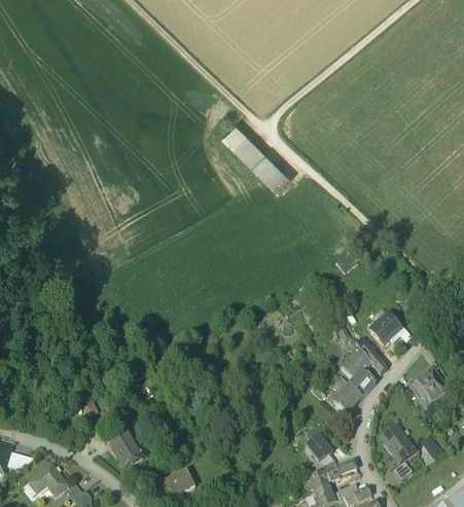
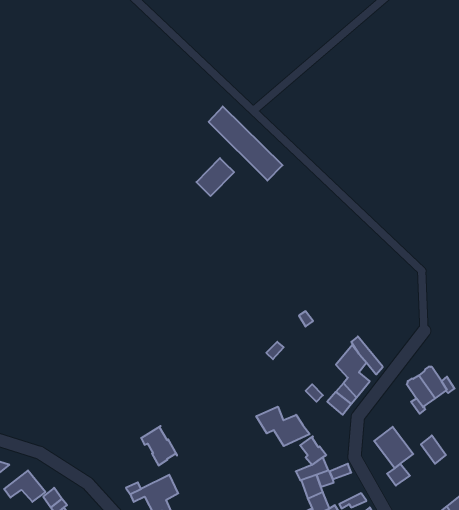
building: none -> [196,158,234,196]
building: [370,315,398,342] -> none
building: none -> [256,407,310,446]
building: [107,430,141,467] -> [141,426,177,465]

